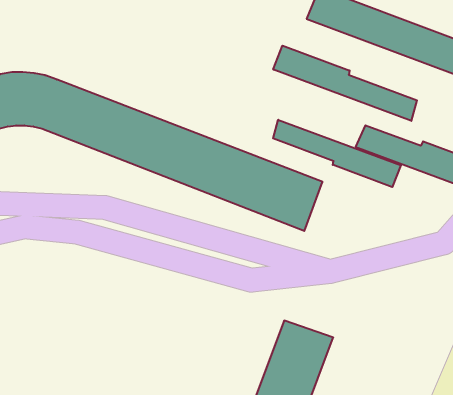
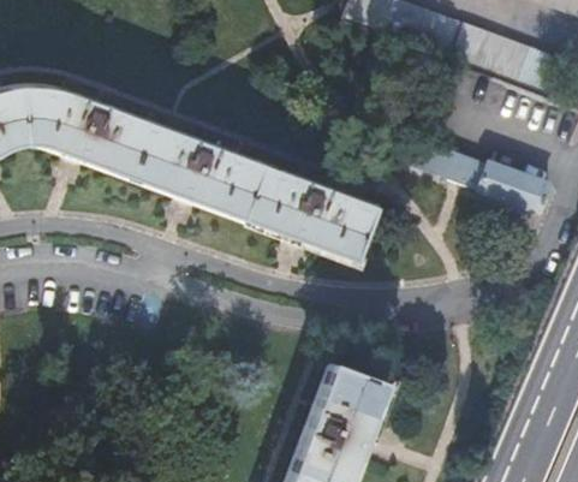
building: [273,46,417,121] -> none
building: [273,120,401,187] -> none

